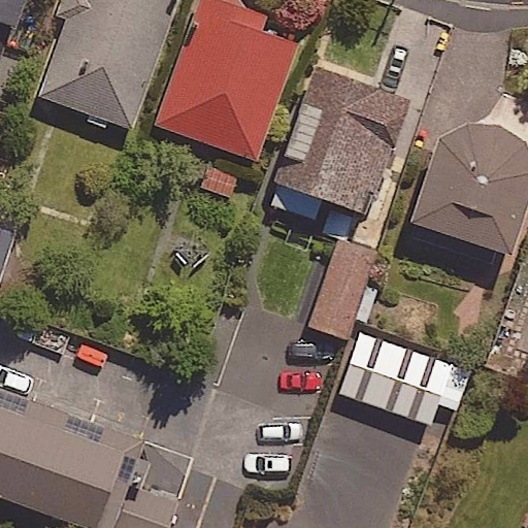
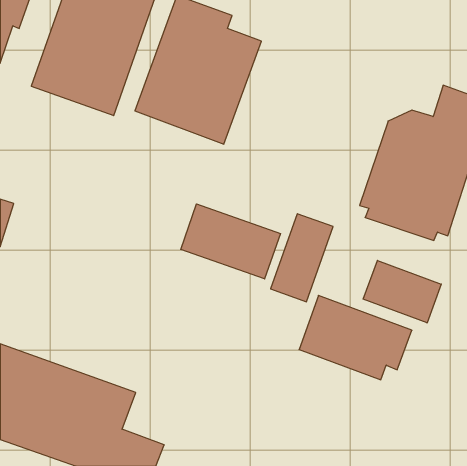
building: [266,70,406,221] -> none
building: none -> [181,204,280,279]
building: none -> [363,260,441,323]

